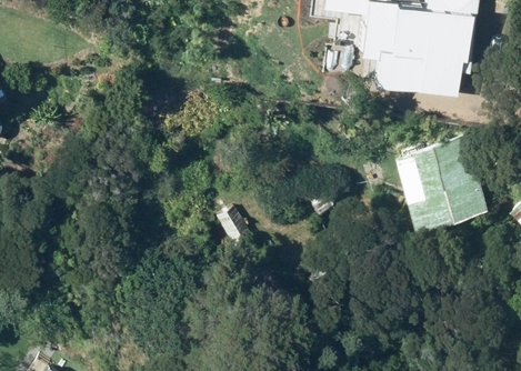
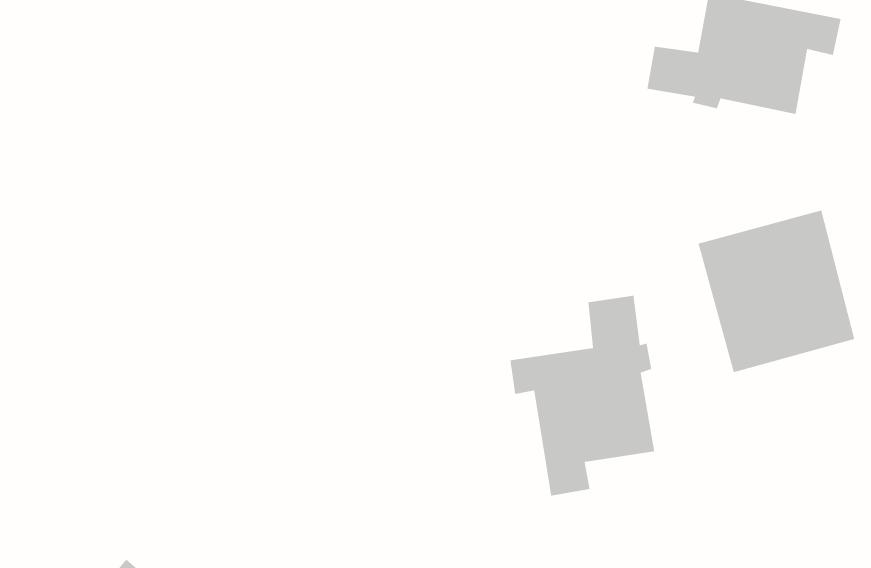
building: none -> [509,295,655,497]

